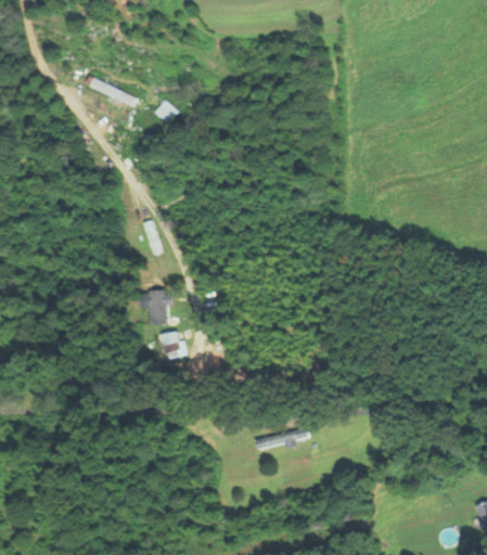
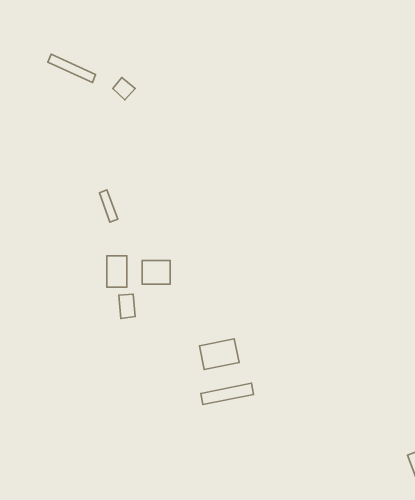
building: none -> [142,260,170,284]
building: none -> [200,339,239,369]

